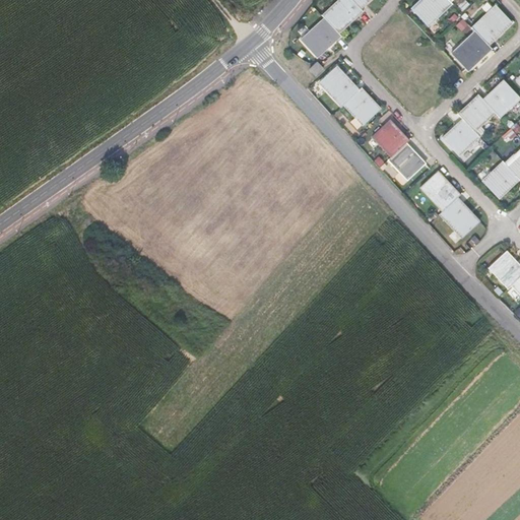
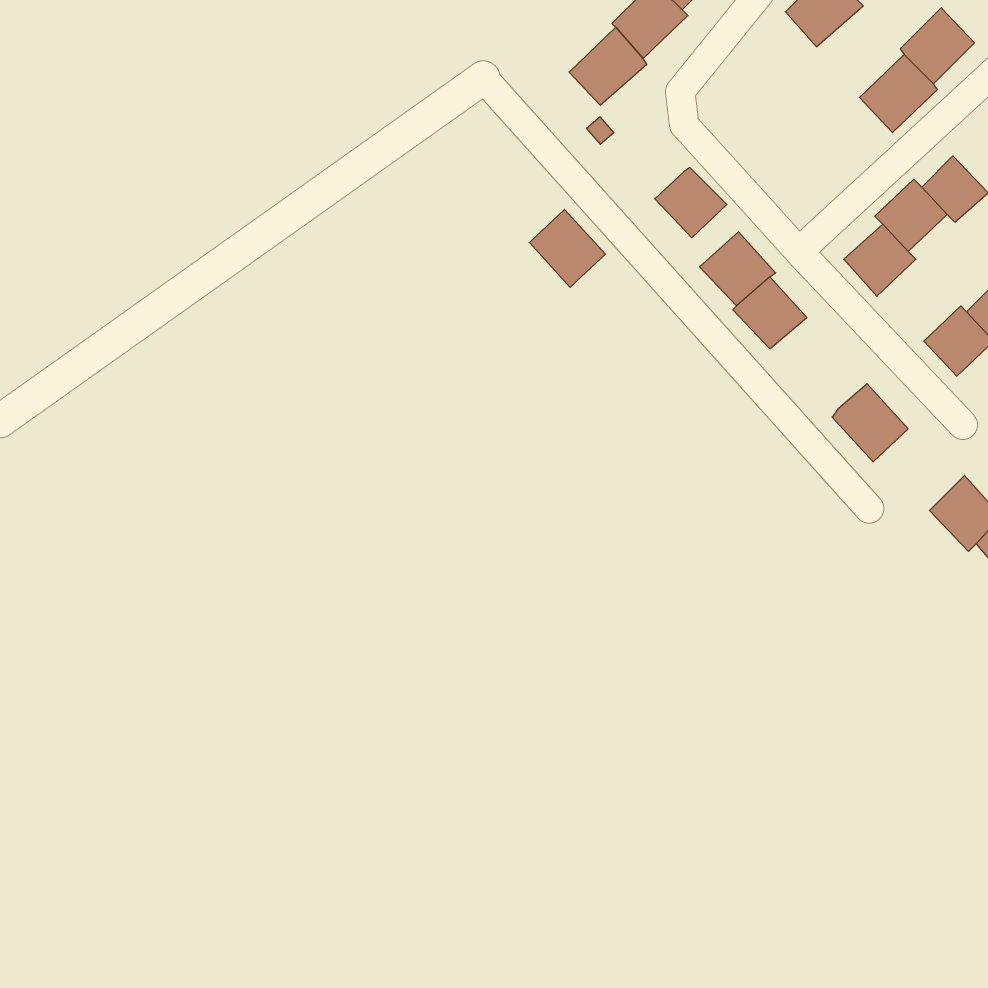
building: [321,66,361,107] -> [529,209,605,287]
building: [420,174,460,213] -> none

